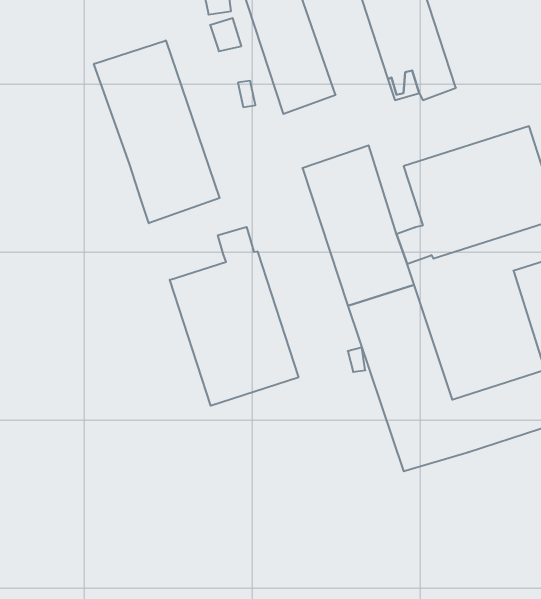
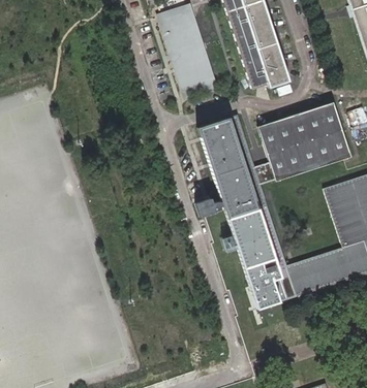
building: [94,40,220,223] -> none
building: [170,227,298,406] -> none

